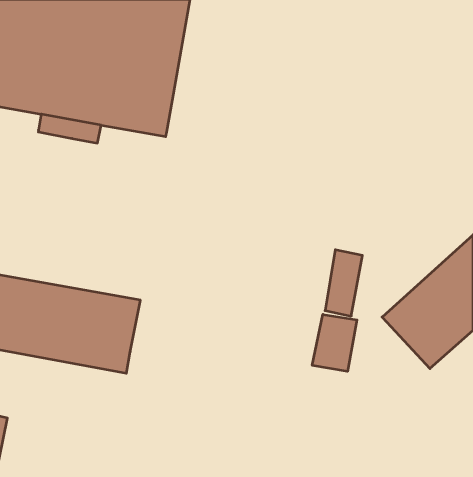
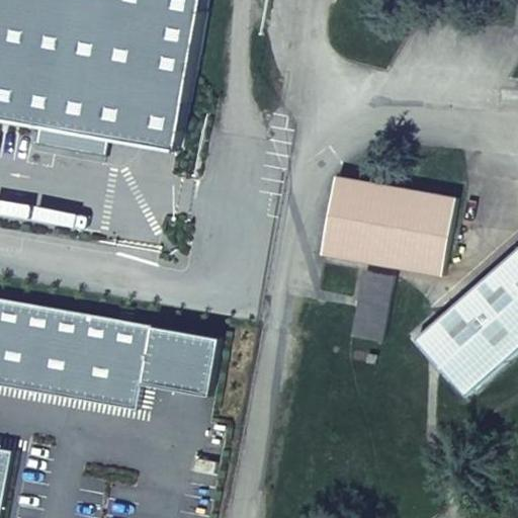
building: none -> [322,179,457,274]
building: none -> [141,325,219,394]
building: [312,314,357,371] -> none

